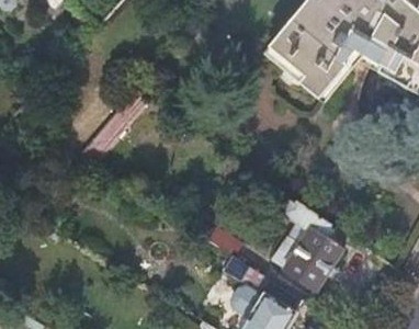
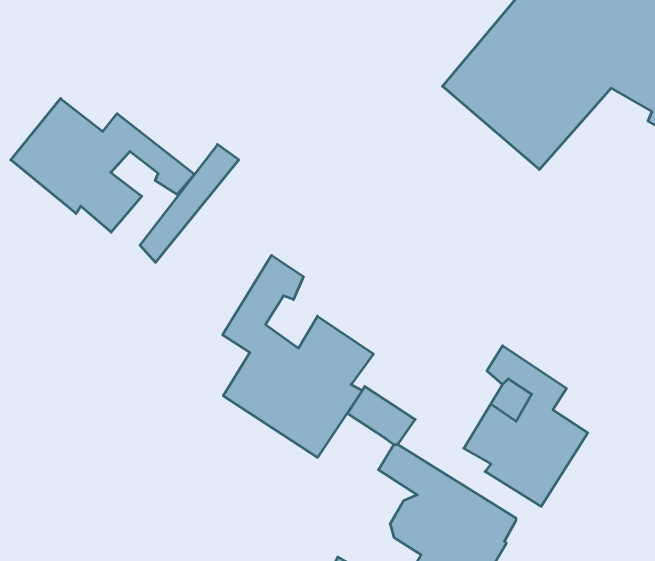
building: none -> [11,98,195,232]
building: none -> [223,255,373,457]

